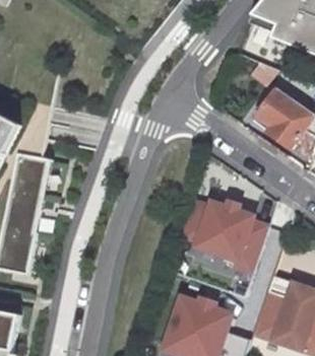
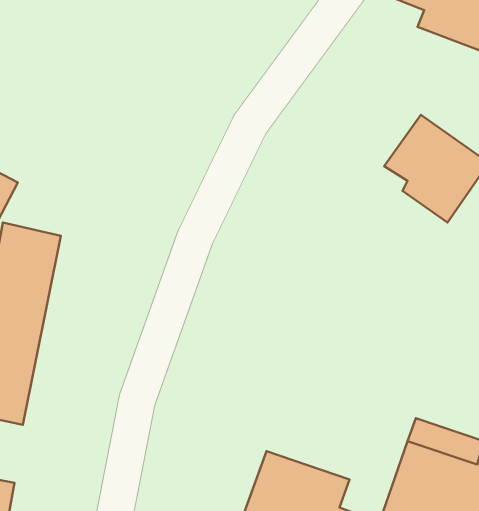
building: [177,200,262,271] -> none

